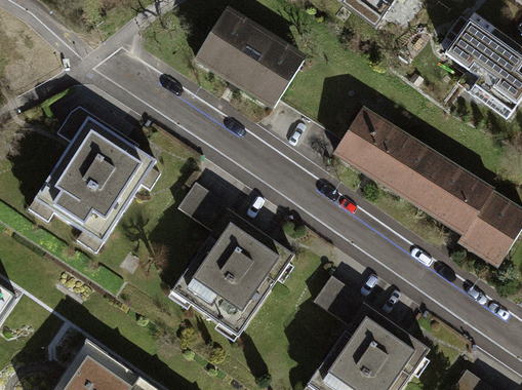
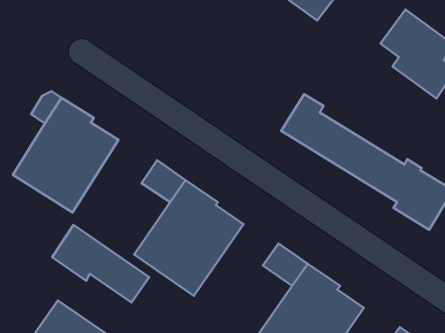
building: [197,12,303,105] -> none
building: none -> [52,225,149,303]

